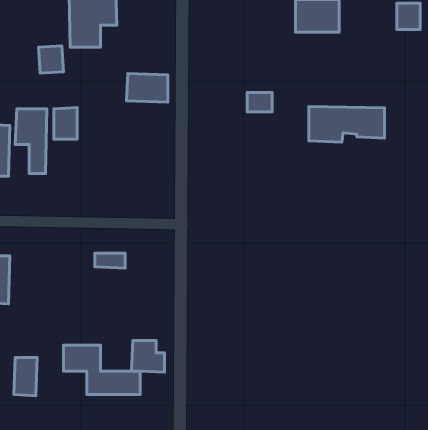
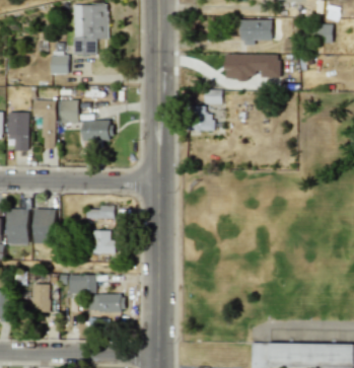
building: [127,73,168,102] -> [82,120,113,141]
building: [309,107,384,142] -> [224,54,280,80]
building: none -> [187,105,211,130]
building: none -> [32,208,55,243]
building: [131,341,164,372] -> [91,230,116,253]

